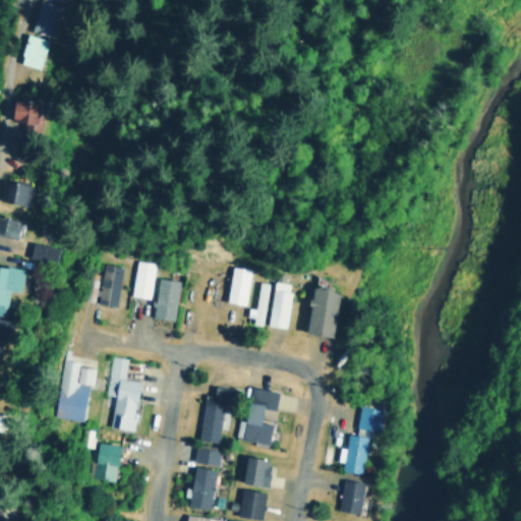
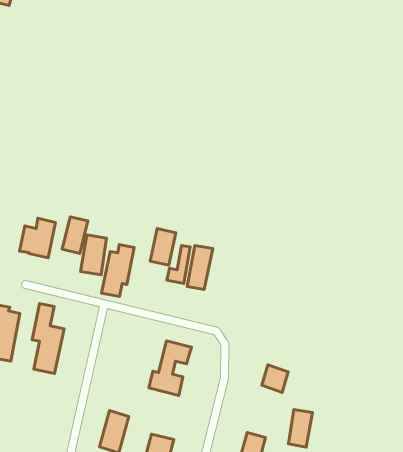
building: [308,288,341,338] -> none
building: [201,388,233,444] -> [102,244,134,296]
building: [347,436,370,475] -> [288,409,312,447]
building: [97,444,121,481] -> none
building: [196,449,222,466] -> none
building: [243,457,274,488] -> none

